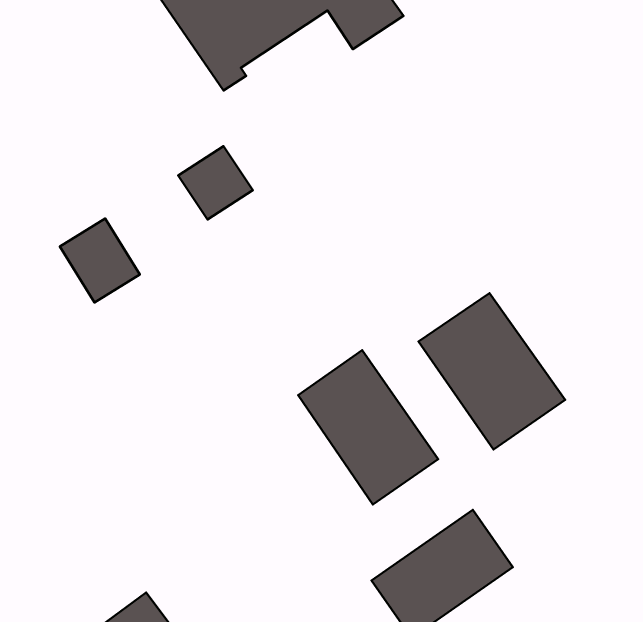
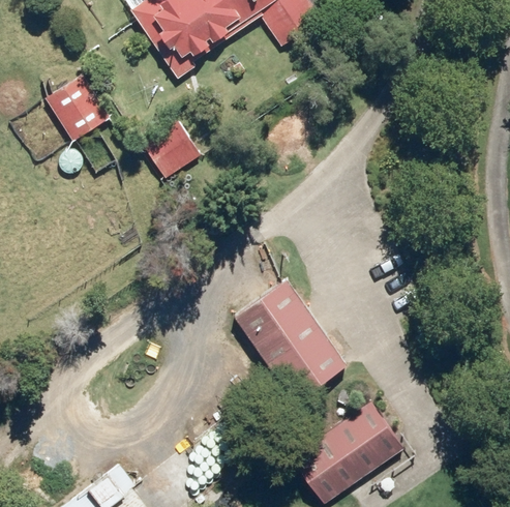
building: [60,219,140,303] -> [47,76,109,141]
building: [418,293,565,450] -> none

